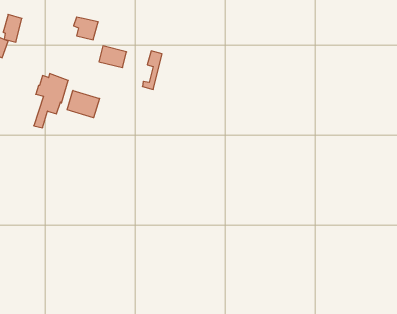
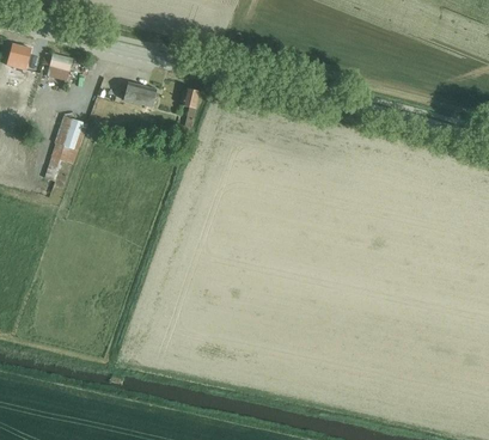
building: [74,17,98,40] -> [43,53,73,80]
building: [67,90,100,118] -> none

